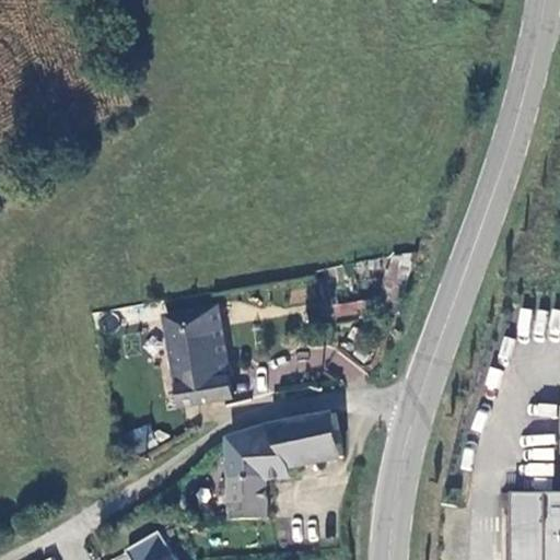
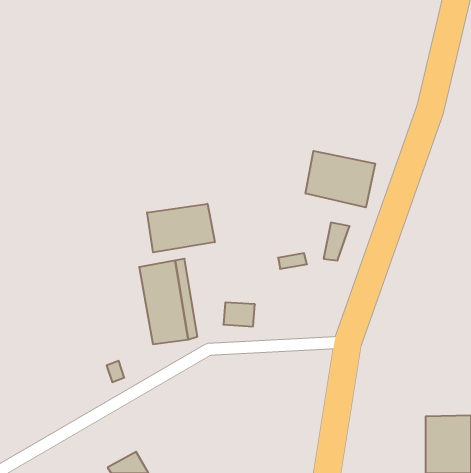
building: none -> [306,151,375,207]
building: none -> [147,204,215,252]
building: [229,411,339,516] -> none

